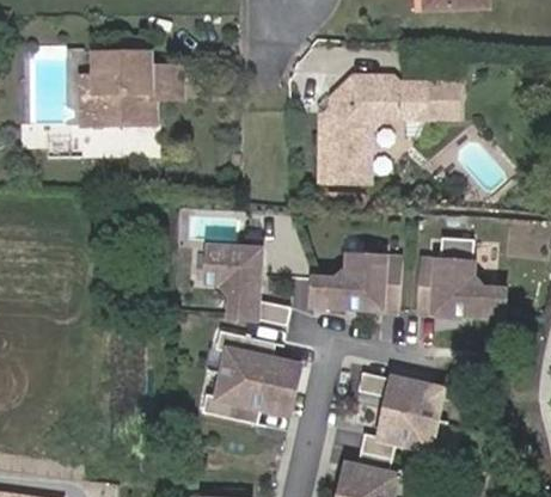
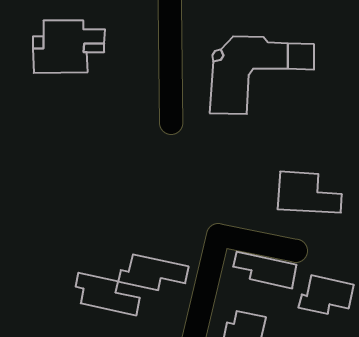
building: [207,246,289,325] -> none
building: [311,254,400,309] -> none
building: [209,331,298,389] -> [76,273,140,315]
building: [359,406,435,459] -> [298,275,354,314]

